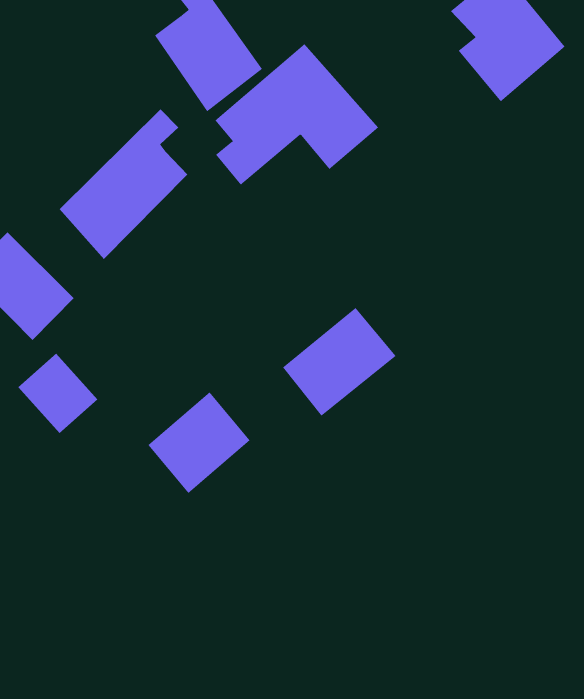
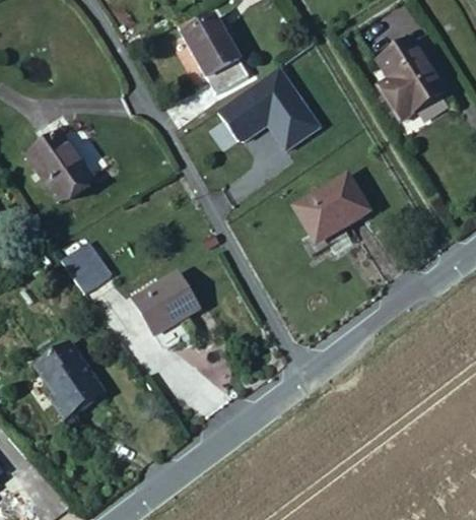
building: [59,109,188,260] -> none
building: [282,307,397,416] -> [295,179,370,246]
building: none -> [36,334,106,415]

